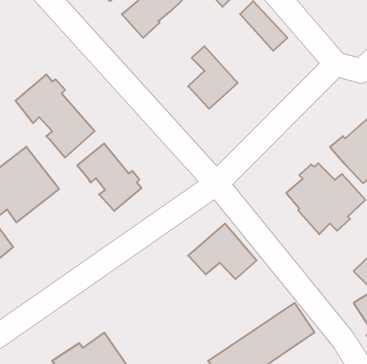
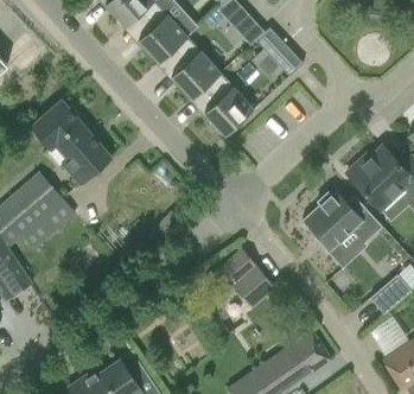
building: none -> [171,37,221,100]
building: [77,143,141,211] -> none

